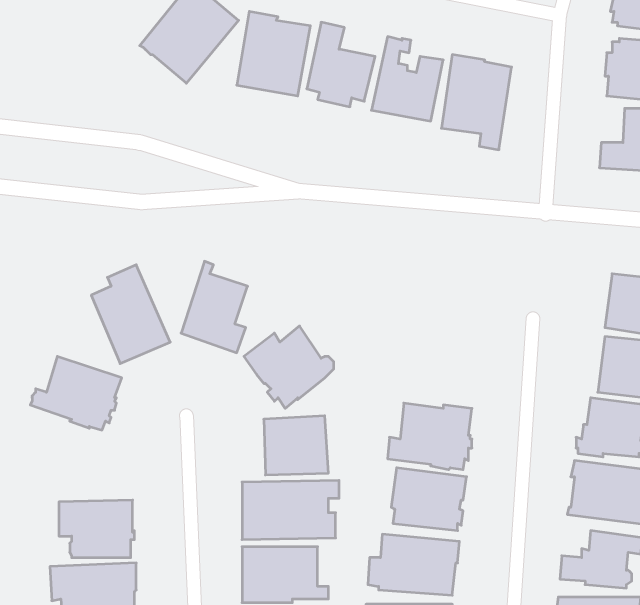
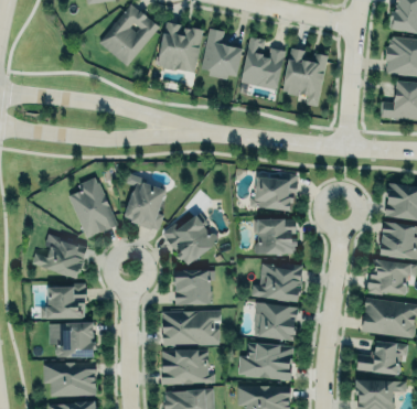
building: none -> [248,177,297,212]
building: none -> [254,220,297,255]
building: none -> [40,283,86,320]

